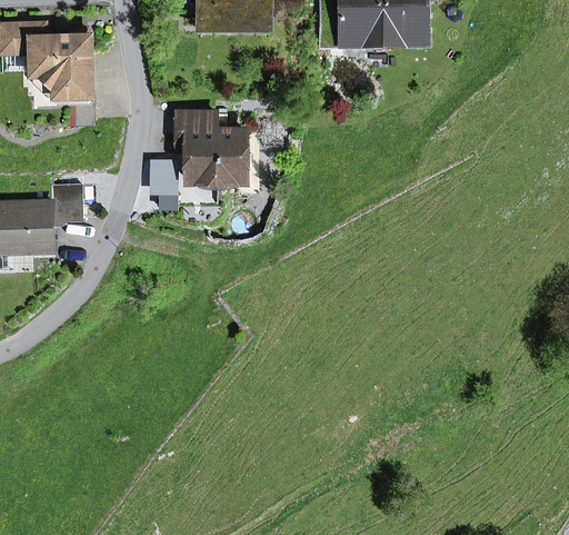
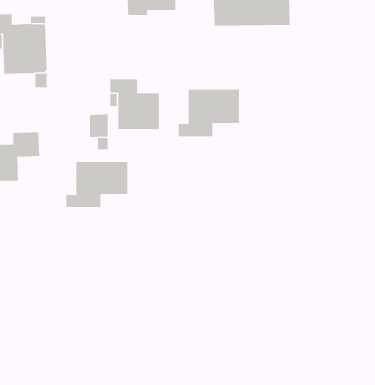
building: none -> [178,89,239,137]
building: none -> [66,161,128,208]

